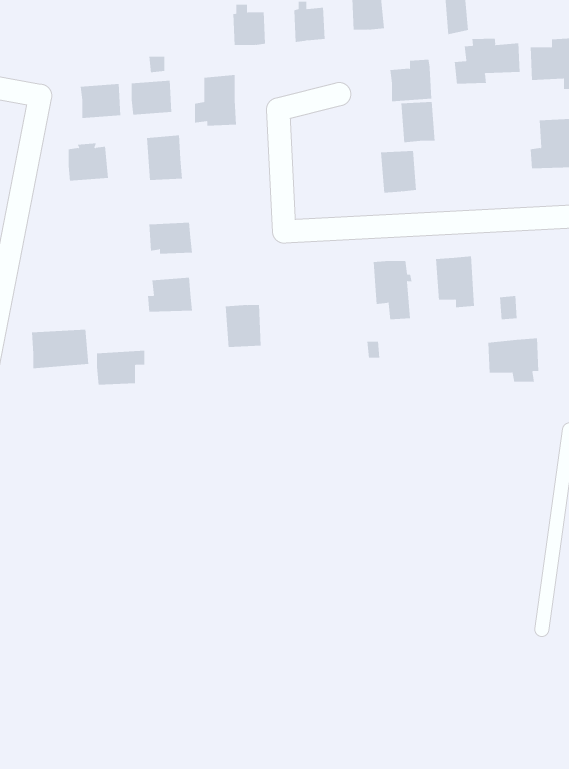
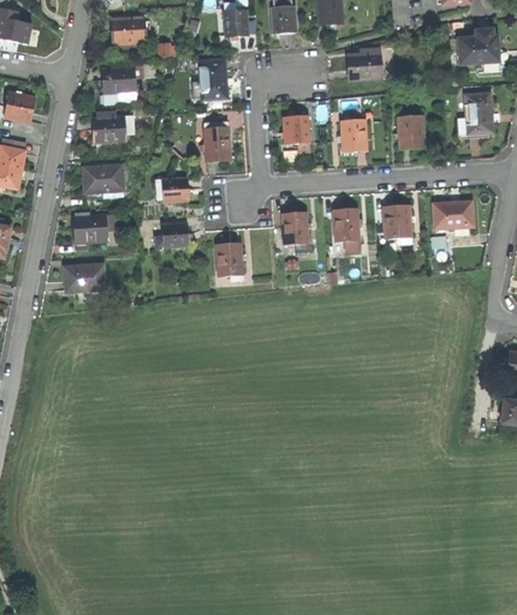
building: [454,38,520,84] -> none
building: [131,80,172,115] -> [112,17,144,44]
building: [400,102,435,143] -> [397,115,424,148]
building: [146,135,183,180] -> [204,124,233,160]
building: none -> [283,115,309,143]
building: none -> [83,165,123,197]
building: none -> [284,209,311,249]
building: [487,338,539,382] -> [432,199,473,234]
building: [96,350,145,385] -> [73,214,112,241]

